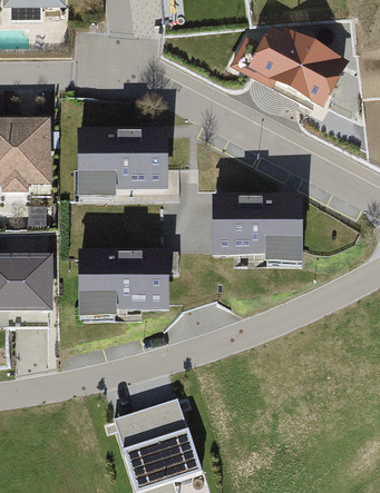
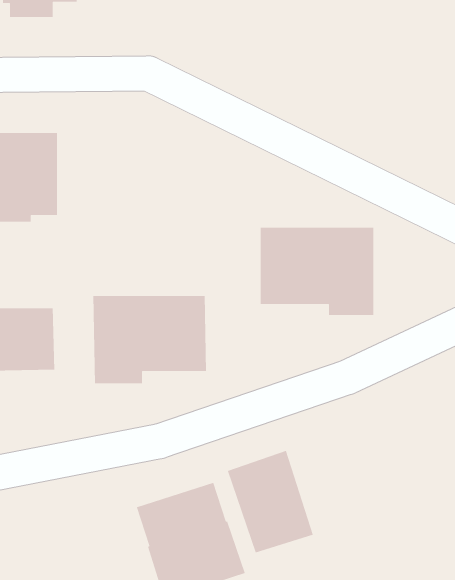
building: [253,32,341,102] -> none
building: [77,128,169,199] -> none
building: none -> [227,450,314,554]

